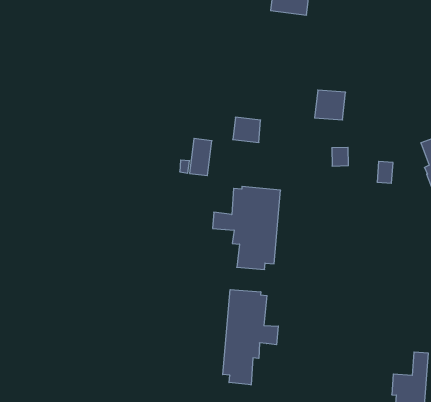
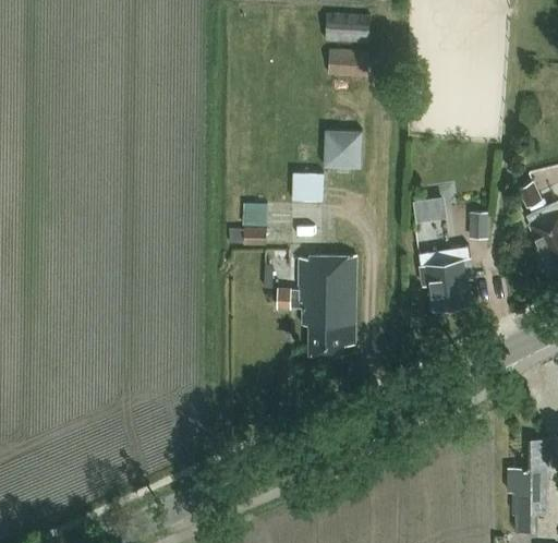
building: none -> [330,49,372,76]
building: [315,90,346,120] -> [328,131,363,165]
building: none -> [418,250,472,311]
building: [223,290,278,385] -> none

